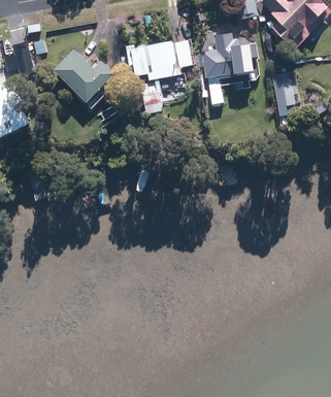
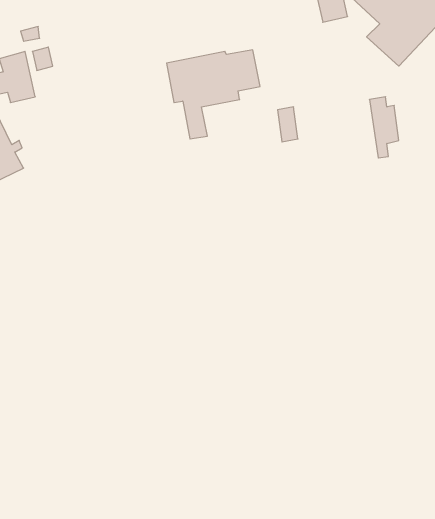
building: [200,32,257,76] -> none
building: [52,48,112,102] -> none

